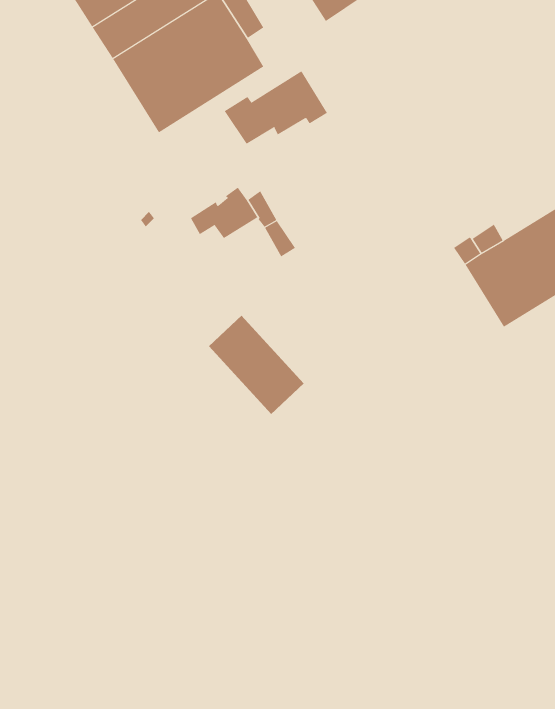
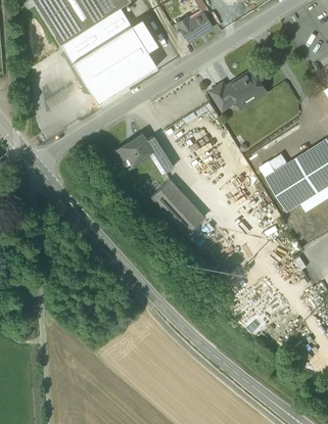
building: [224,70,328,144] -> [210,69,268,110]
building: [208,315,304,415] -> [150,180,203,235]

